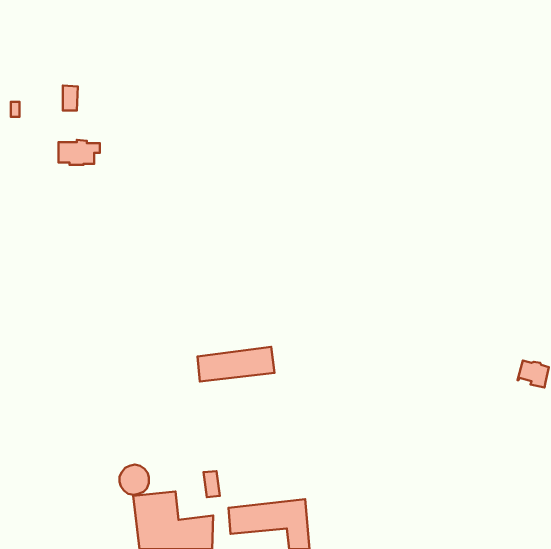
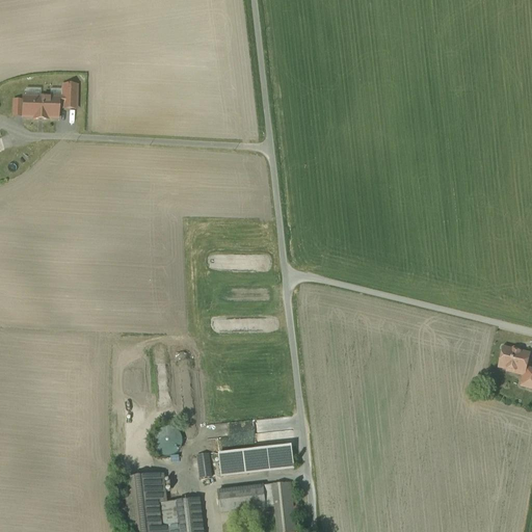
building: [59,140,100,165] -> [21,92,60,116]
building: [198,347,275,381] -> [220,443,294,476]
building: [120,465,149,495] -> [154,424,182,453]

